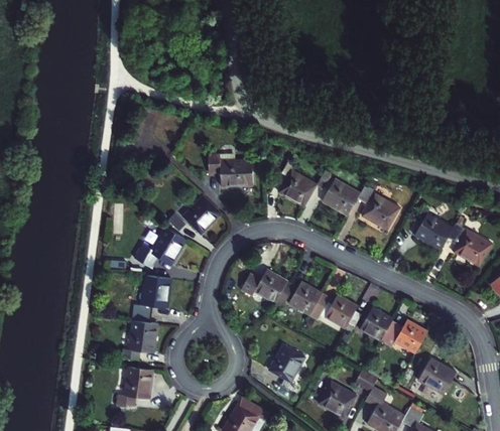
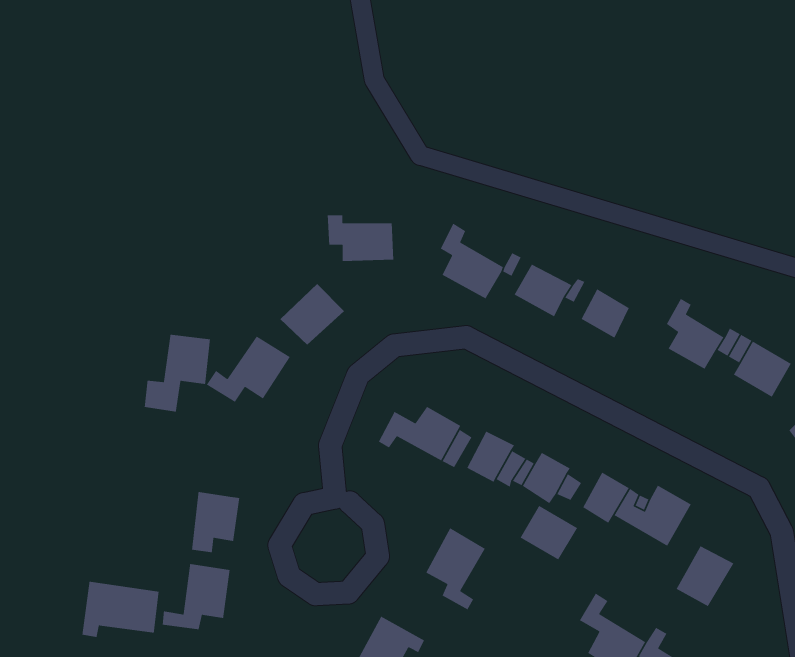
building: [128,277,169,325] -> [144,334,211,413]
building: none -> [82,581,160,638]
building: [317,382,353,416] -> [519,505,578,561]

